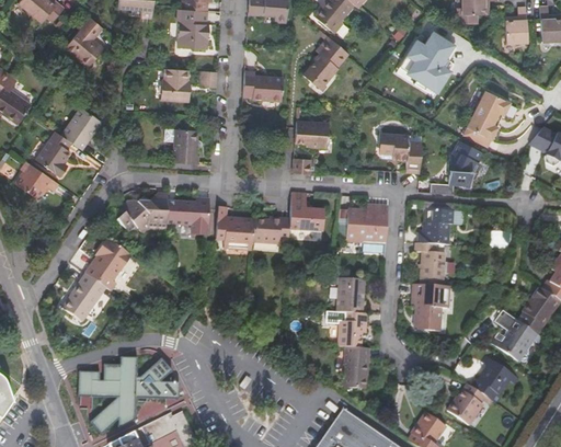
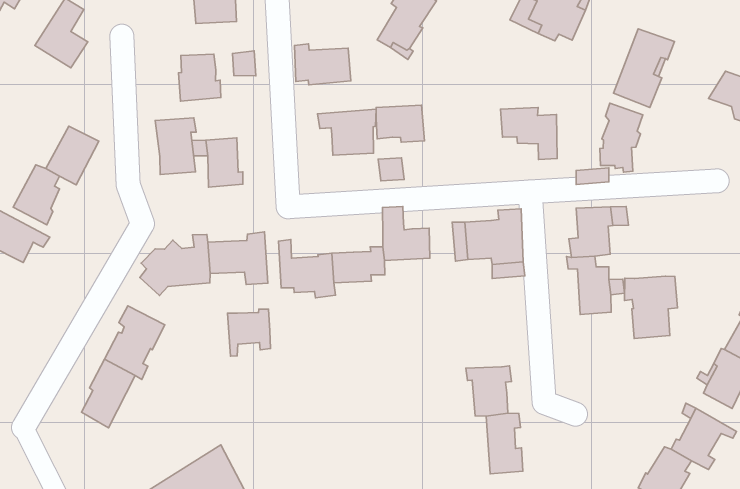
building: none -> [155,118,196,174]
building: none -> [317,109,376,155]
building: none -> [228,309,270,356]
building: [336,277,365,313] -> none
building: [412,283,449,326] -> [625,276,677,338]

